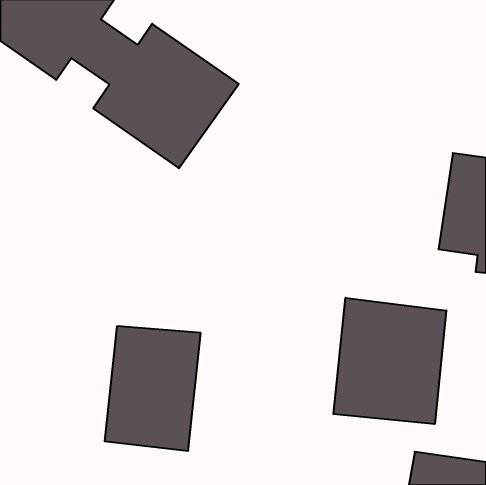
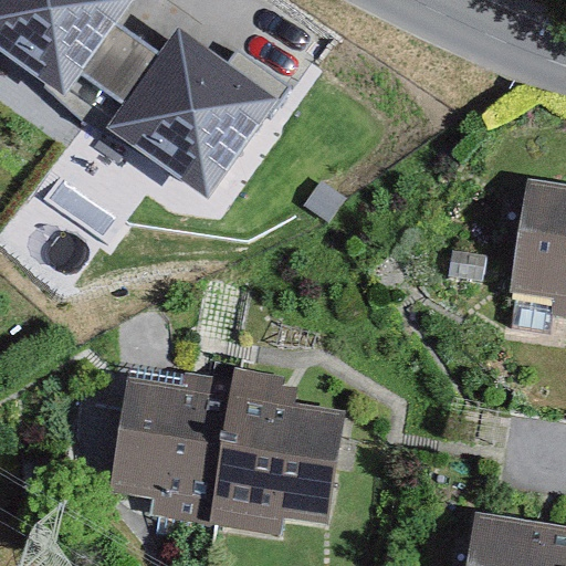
building: [333,298,446,424] -> none
building: none -> [219,387,337,531]

